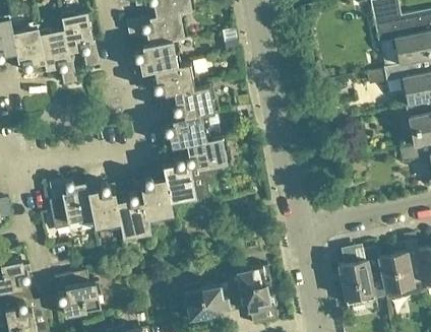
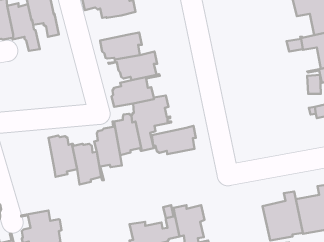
building: [131,43,180,76] -> none
building: none -> [152,126,196,154]
building: [48,181,93,231] -> none

